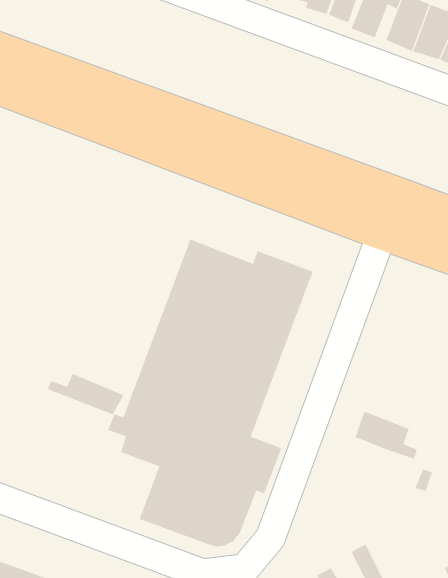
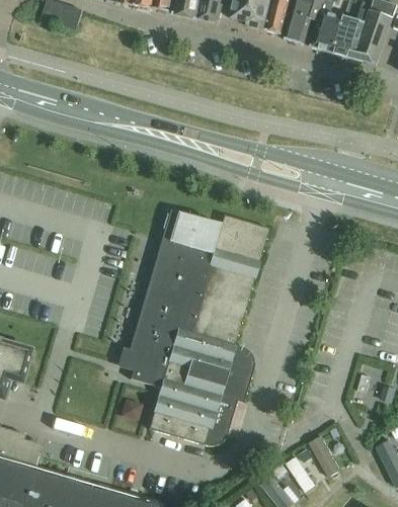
building: [47,373,124,415] -> none
building: [355,411,417,460] -> none

